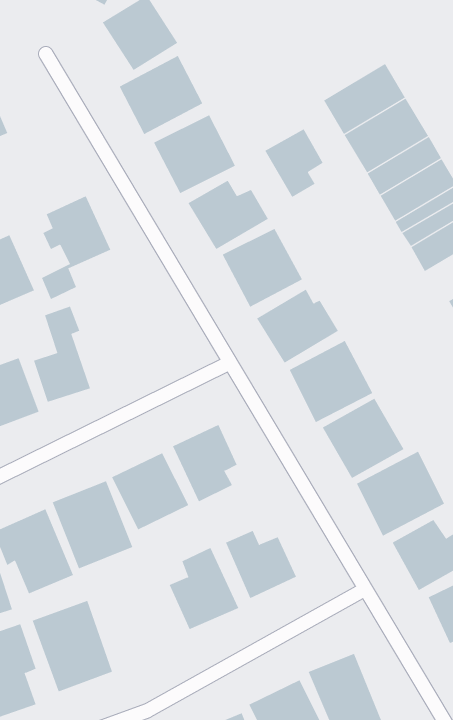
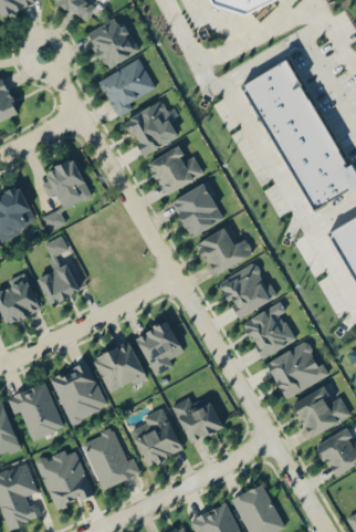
building: [264,129,324,198] -> none
building: none -> [80,427,140,490]

